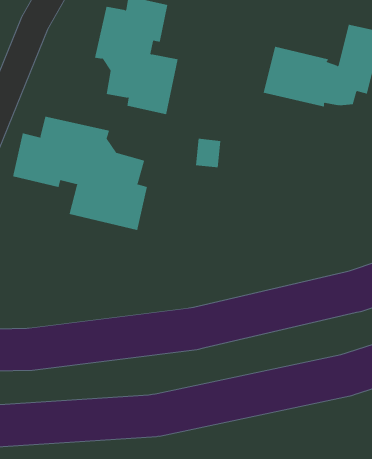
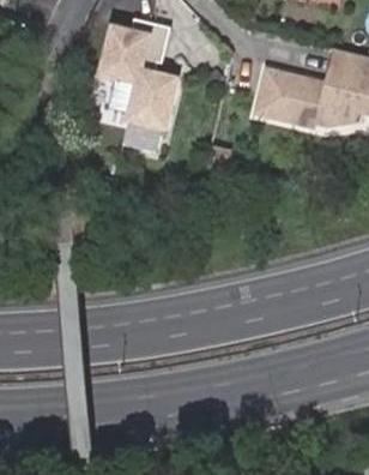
building: [13,116,148,231] -> none

